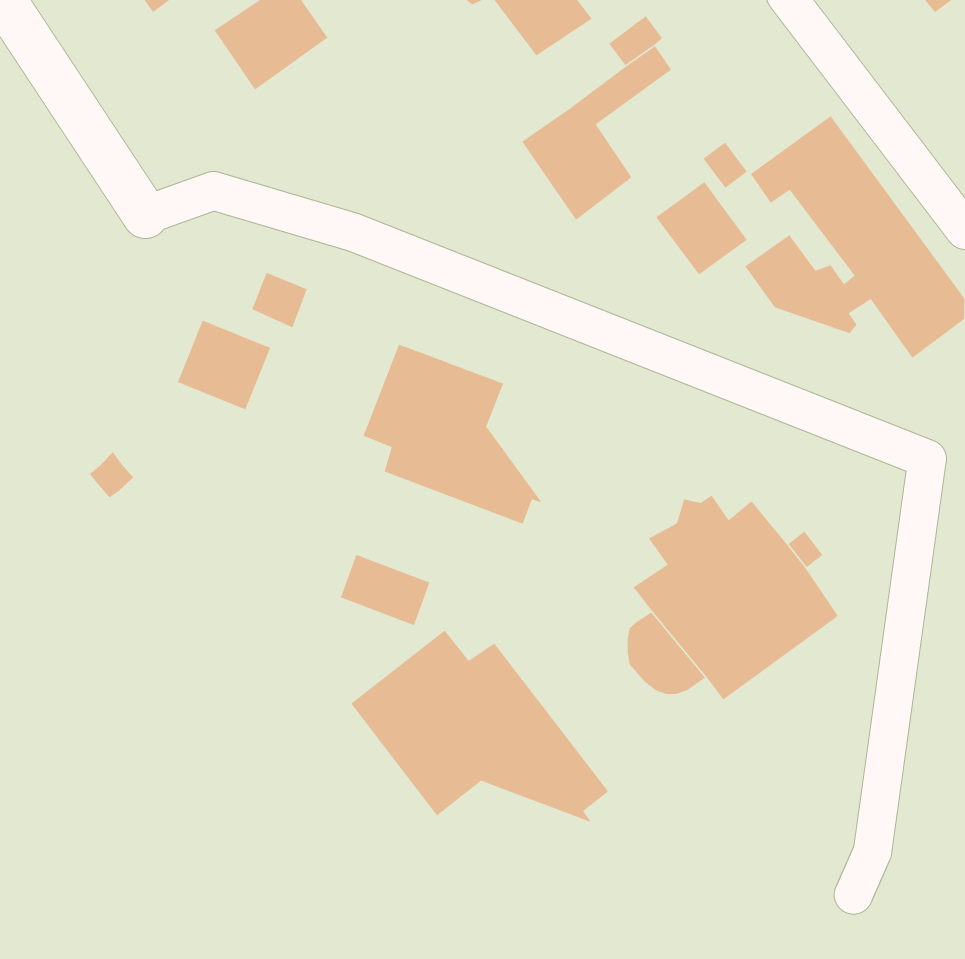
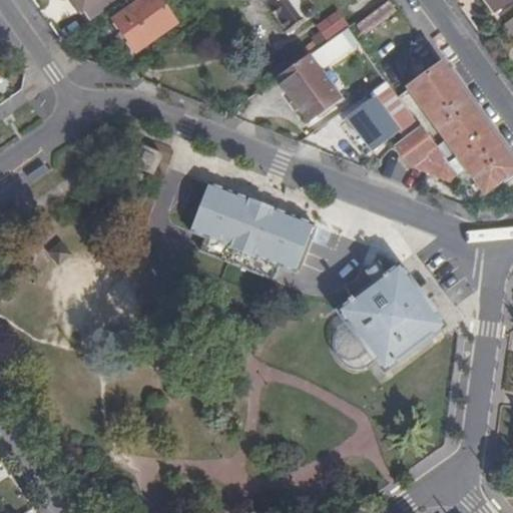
building: [177,319,271,411] -> none
building: none -> [259,203,318,271]
building: [340,554,431,626] -> none
building: [350,630,609,823] -> none

